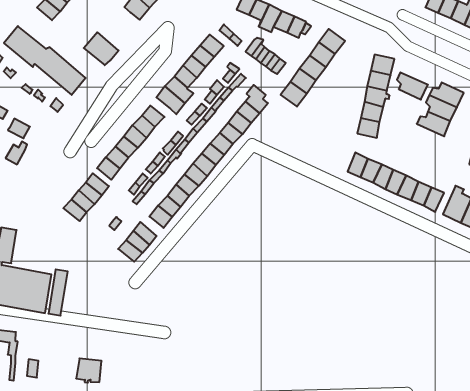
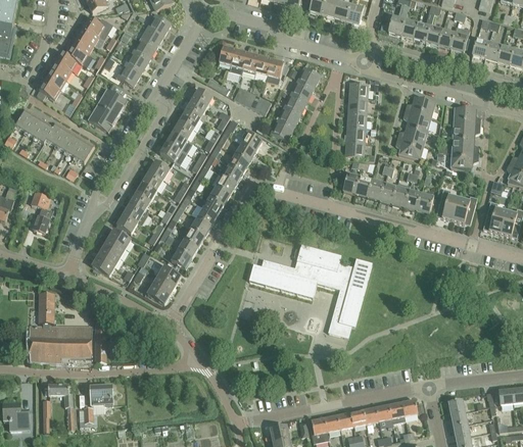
building: none -> [97,86,128,115]
building: [397,72,428,100] -> [395,138,424,159]
building: none -> [248,245,371,337]
building: [76,358,102,383] -> [90,385,111,406]

